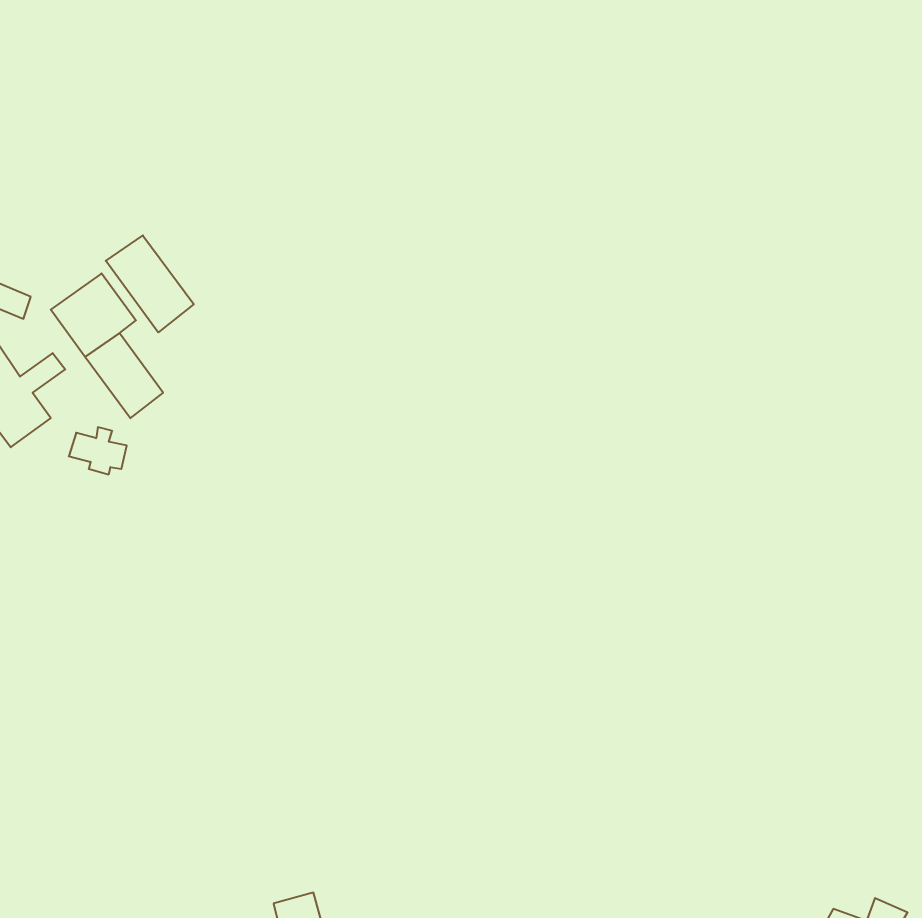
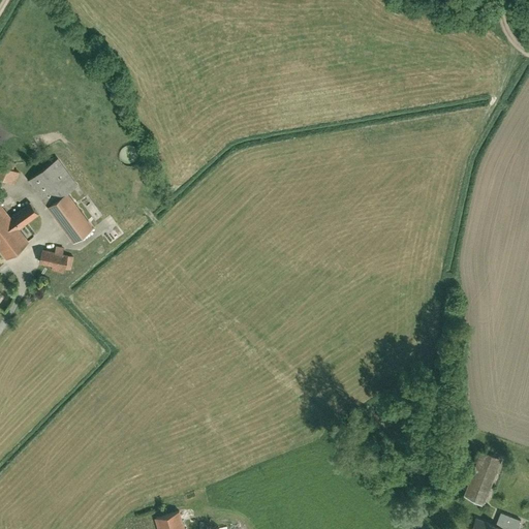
building: [106,235,194,332] -> none
building: none -> [461,455,500,508]

